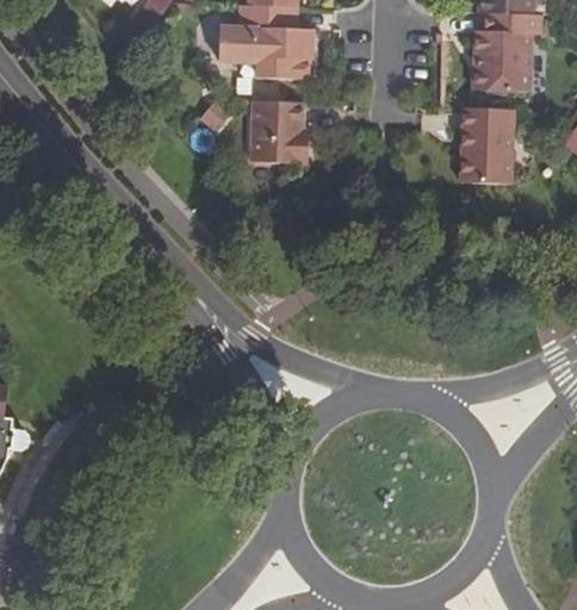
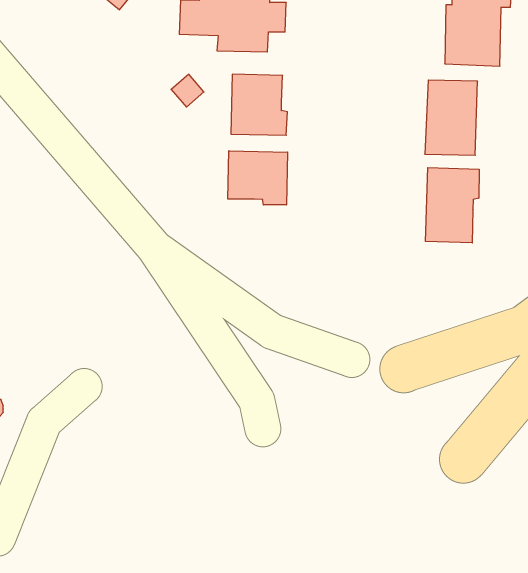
building: none -> [228,151,288,205]
building: none -> [425,168,479,243]

